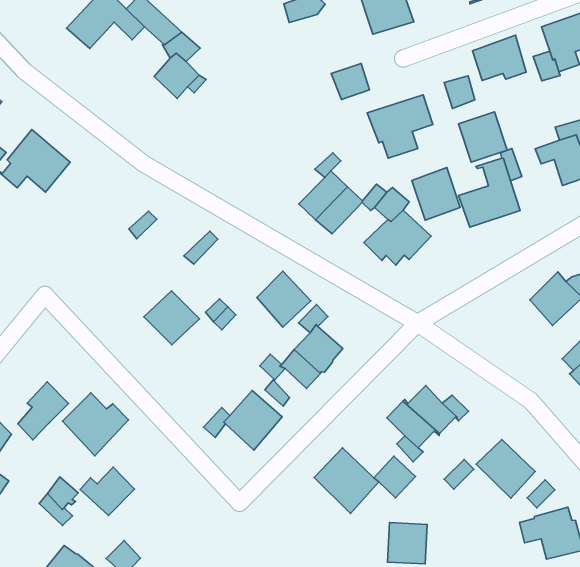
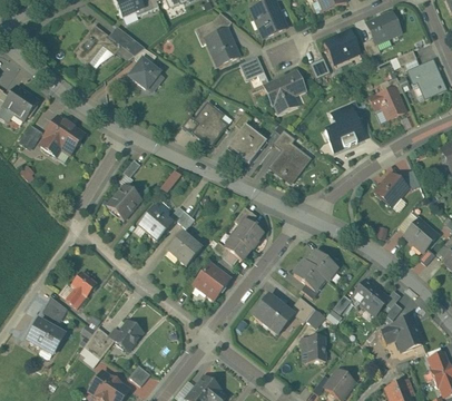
building: none -> [205,28,238,66]
building: [459,112,507,162] -> none
building: none -> [181,104,226,145]
building: [412,168,460,220] -> none
building: none -> [107,185,141,219]
building: [257,271,311,327] -> [168,232,202,266]
building: [63,393,129,456] -> none

